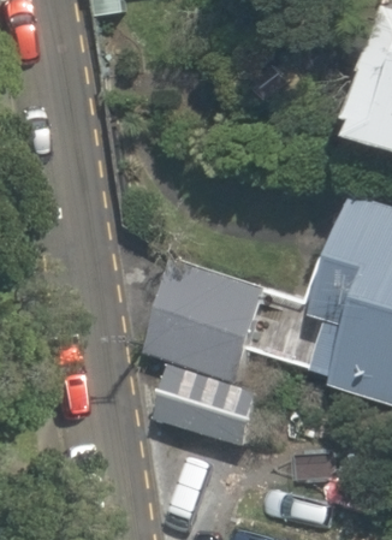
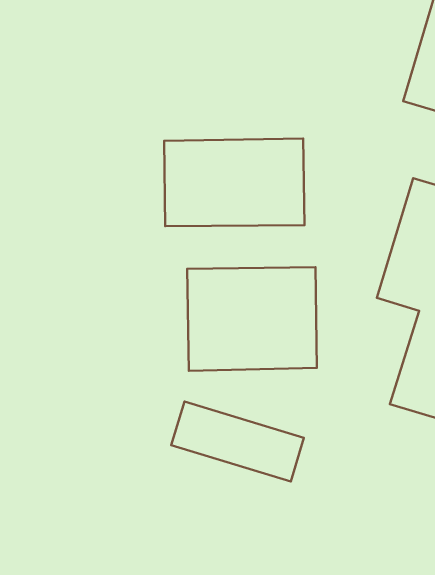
building: none -> [164,139,305,226]

